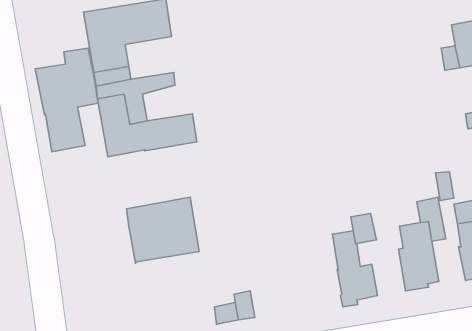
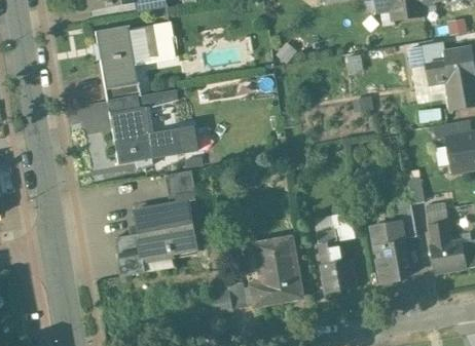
building: [35,48,98,152] -> none
building: none -> [165,169,195,198]
building: none -> [114,225,146,275]
building: none -> [253,239,301,304]

